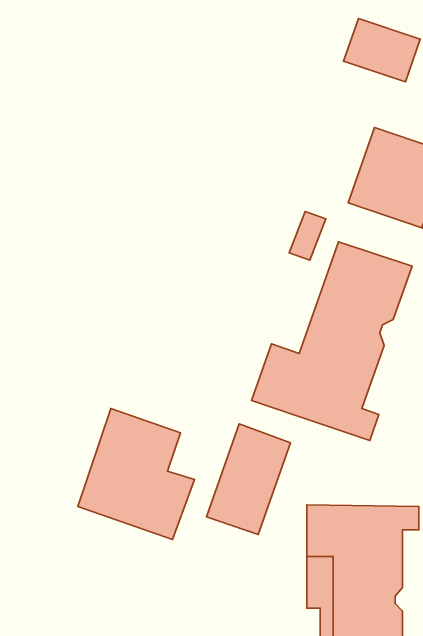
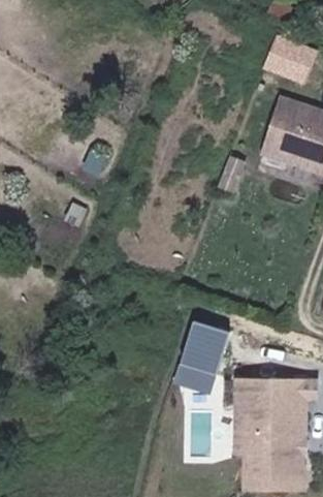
building: [251,242,412,441] -> none
building: [78,409,195,539] -> none

